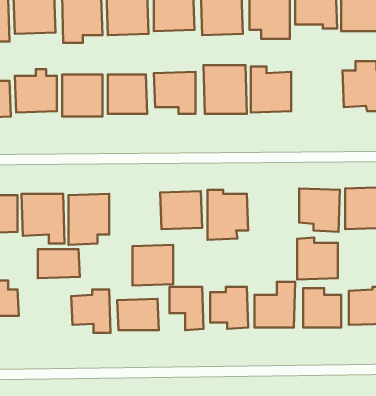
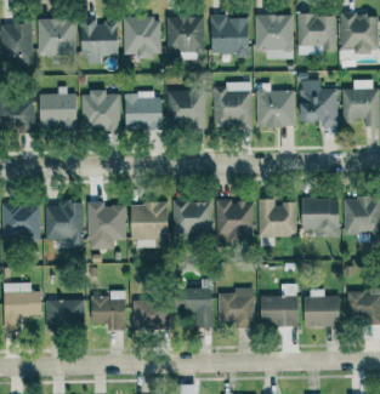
building: none -> [299,80,336,127]
building: [297,238,338,280] -> [259,199,296,238]
building: [133,245,173,285] -> [130,202,168,240]
building: [38,249,80,278] -> [46,299,85,326]

